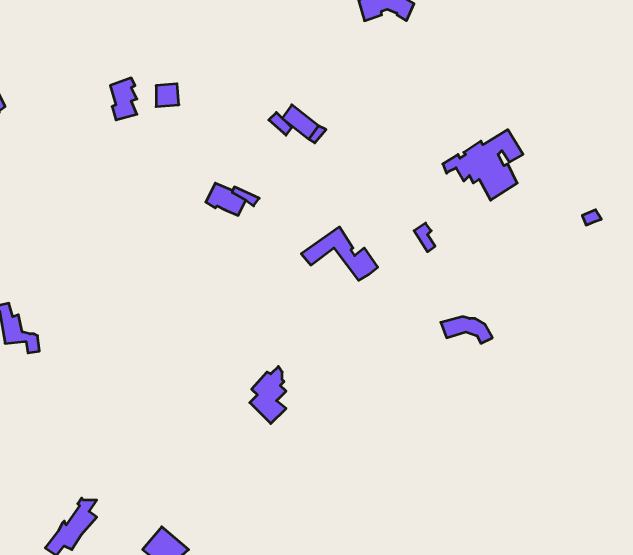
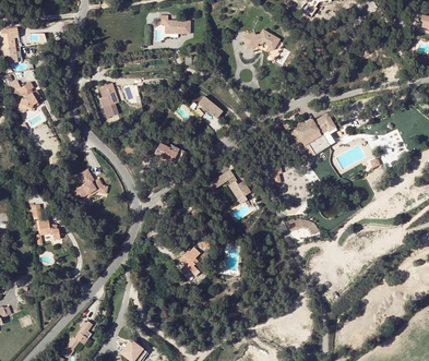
building: none -> [73,170,107,200]

